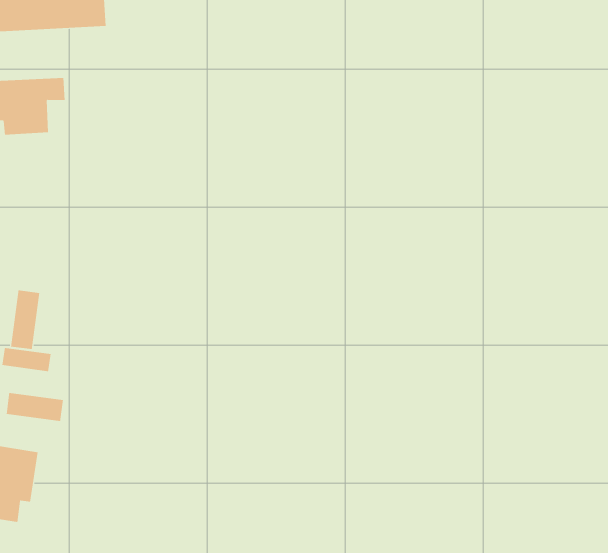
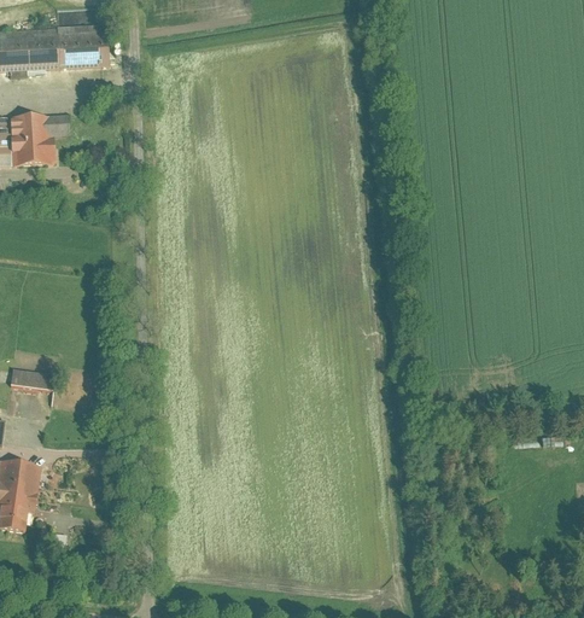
building: [10,290,40,350] -> none
building: [6,392,63,422] -> none

